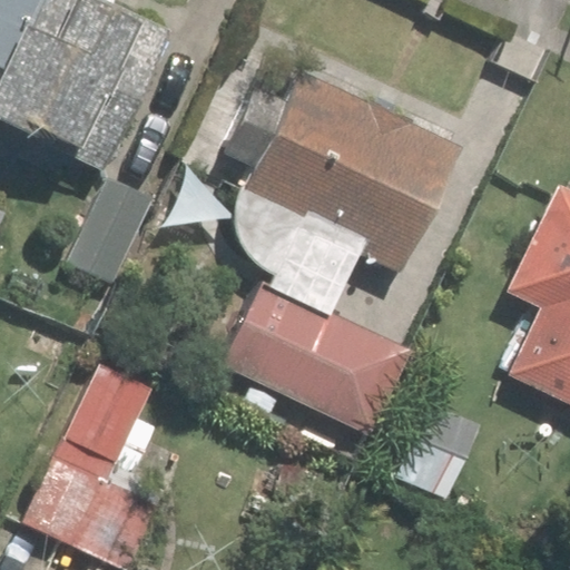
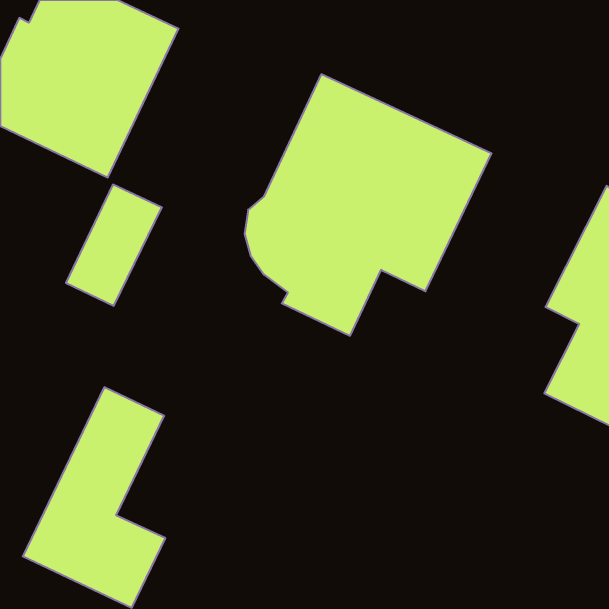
building: [224,284,407,434] -> none

